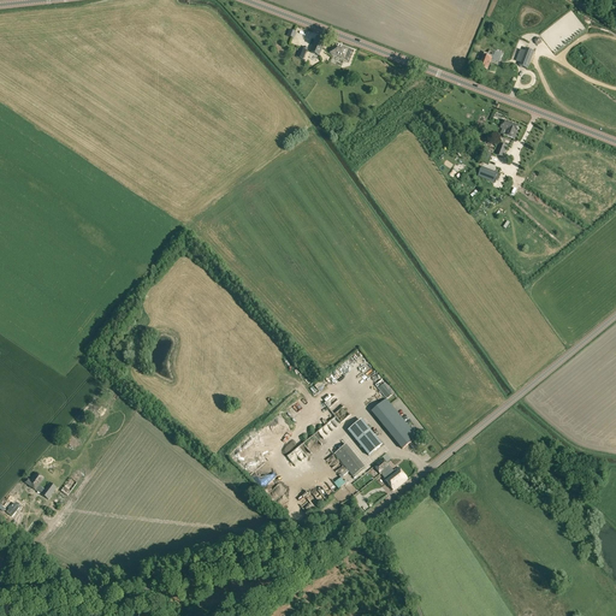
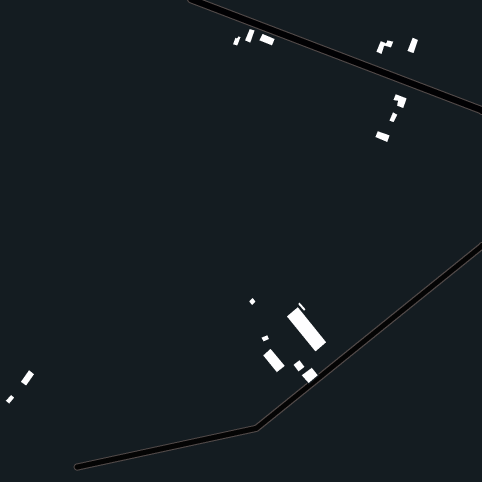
building: [348,419,381,455] -> none

